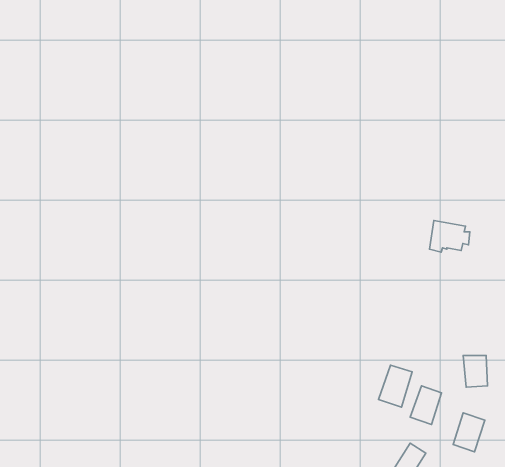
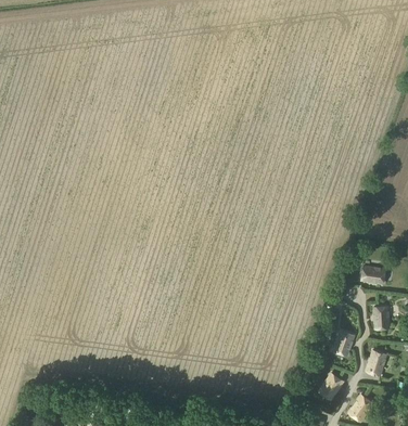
building: [430,220,470,252] -> [360,263,391,287]
building: [379,365,412,407] -> none

